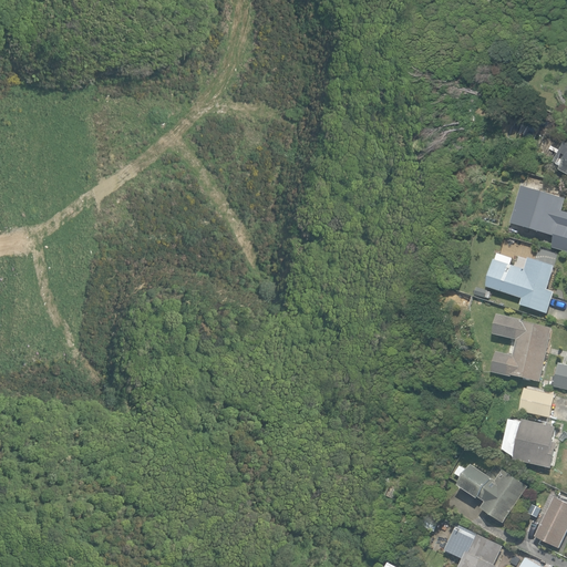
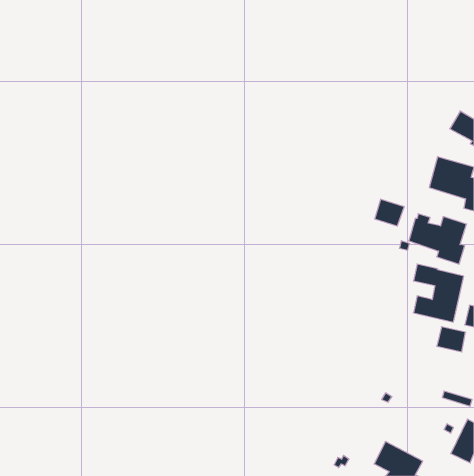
building: none -> [375,199,404,226]
building: [513,420,555,467] -> none
building: [458,465,526,522] -> none

